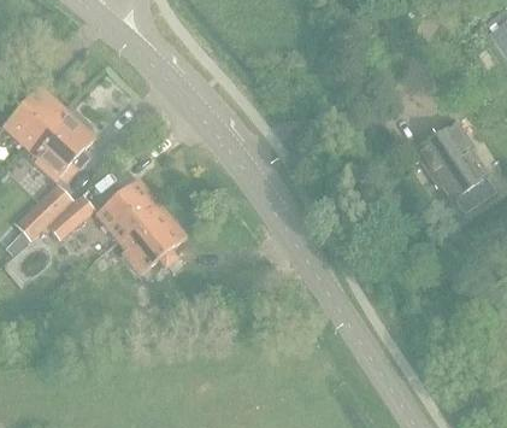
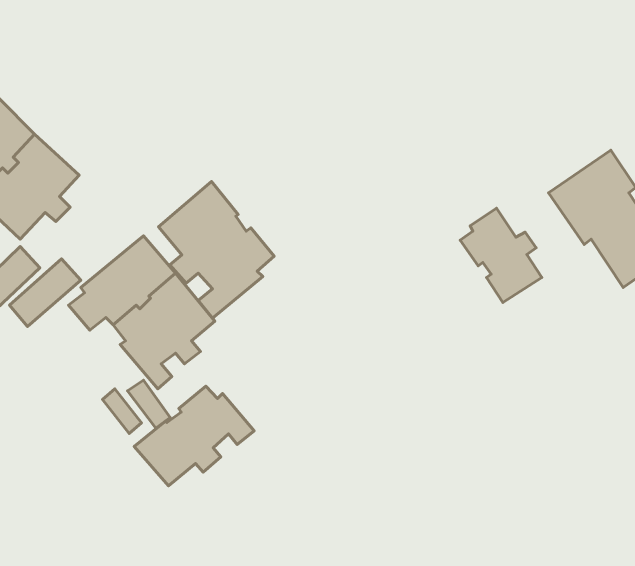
building: none -> [159,181,274,318]
building: none -> [460,208,542,303]
building: none -> [134,386,254,486]

